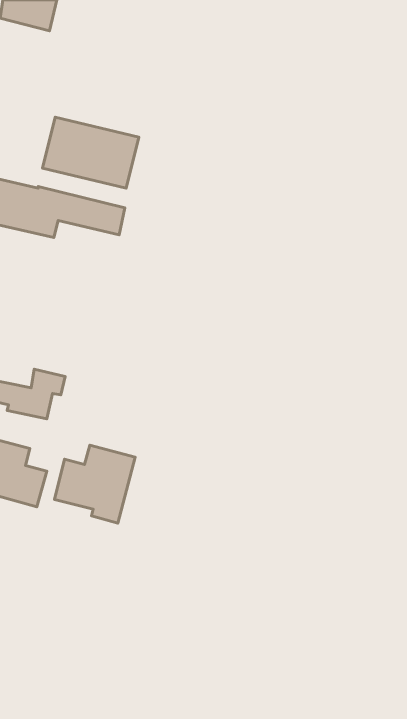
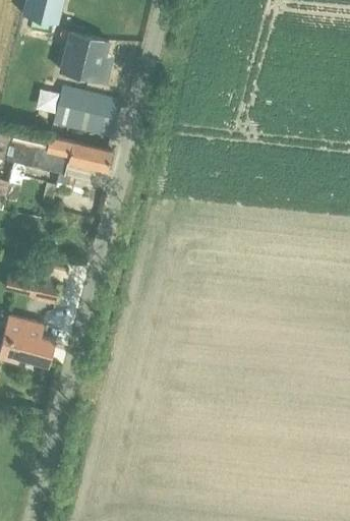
building: none -> [60,33,110,84]
building: [54,445,135,523] -> none

